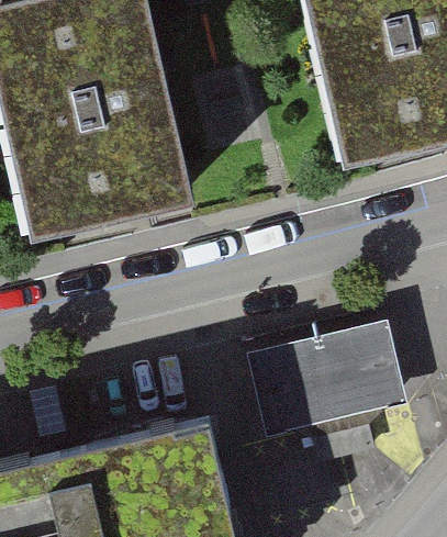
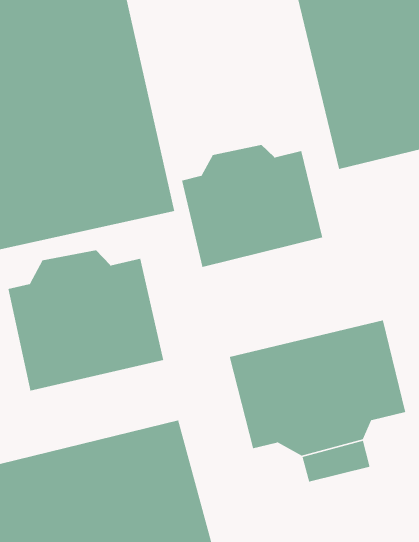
building: none -> [181,144,323,268]
building: none -> [8,249,164,391]

